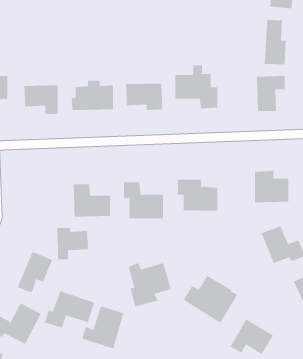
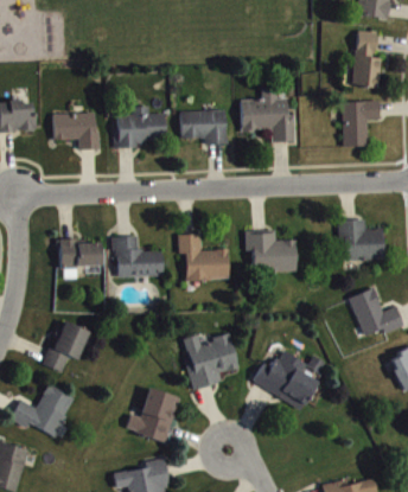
building: [57,228,89,260] -> [59,238,100,279]
building: [44,291,95,328] -> none
building: [230,318,274,355] -> none

